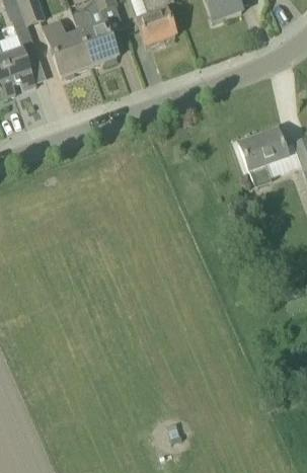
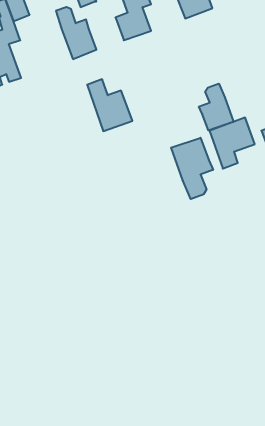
building: [44,19,92,75] -> [87,79,132,131]
building: none -> [199,84,234,130]
building: none -> [171,138,213,199]

